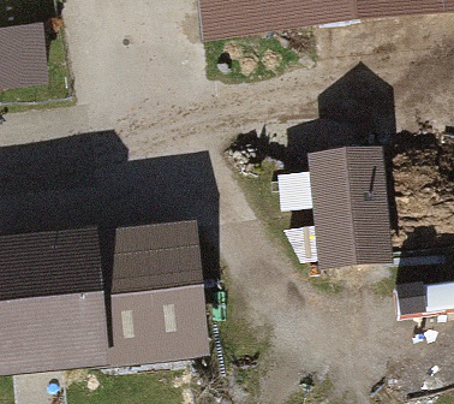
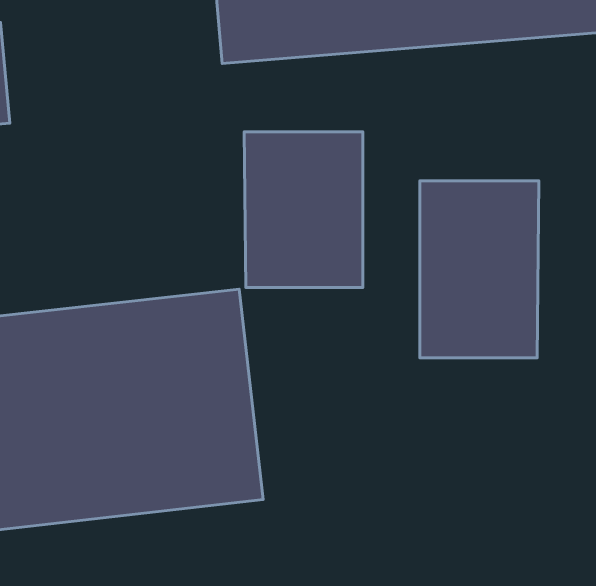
building: none -> [244,132,363,287]

